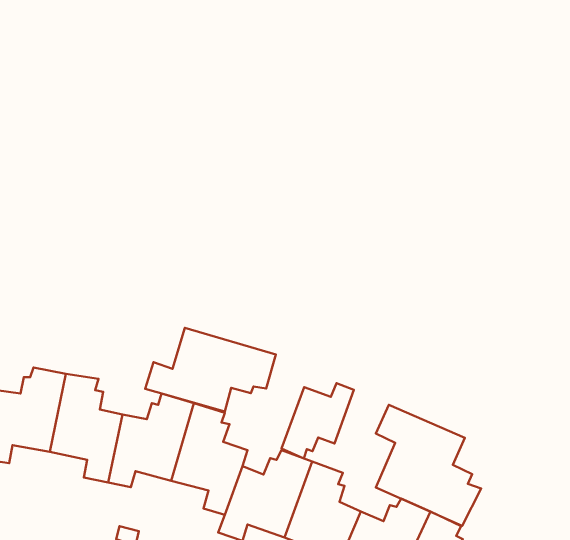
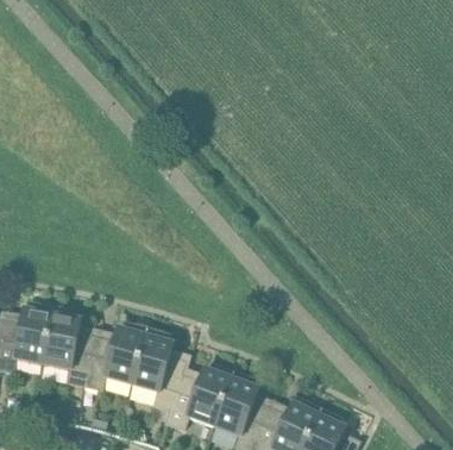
building: [145,328,276,412] -> none
building: [281,383,354,458] -> none
building: [376,405,481,526] -> none

